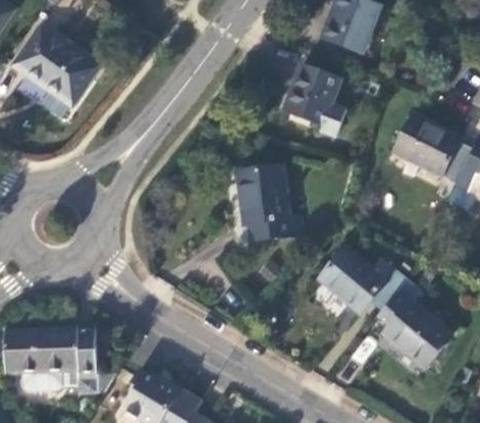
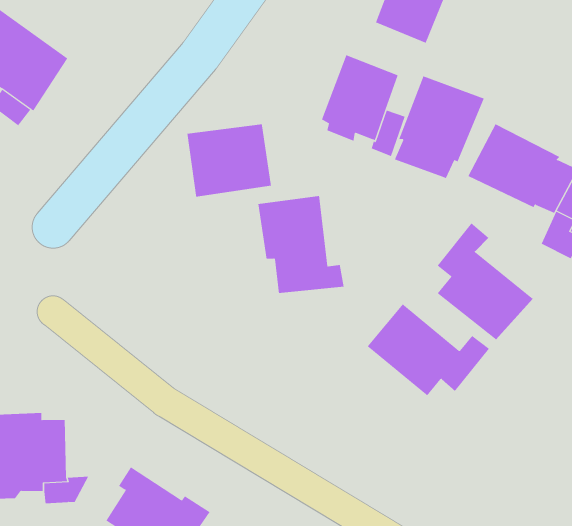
building: none -> [394,75,484,179]
building: none -> [187,123,272,198]
building: [382,280,454,367] -> [437,223,533,340]

